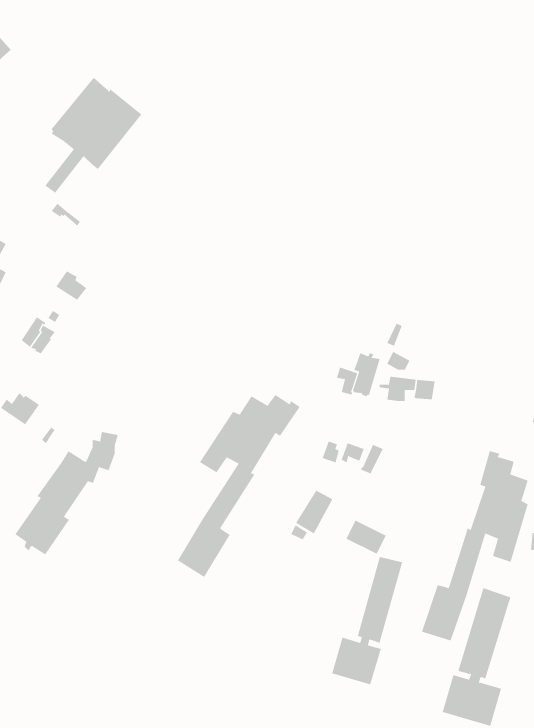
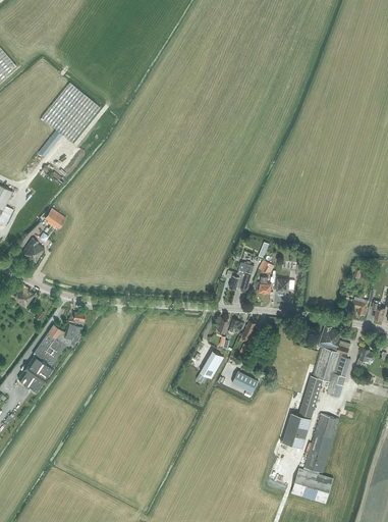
building: [177,394,300,578] -> none
building: [331,556,403,685] -> none

